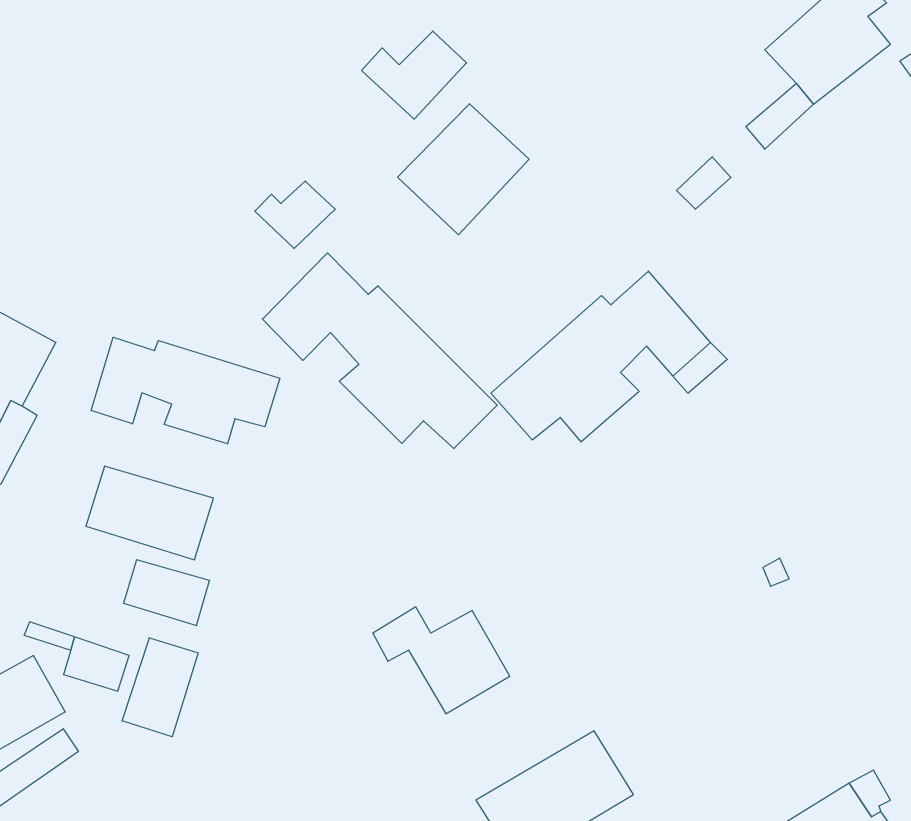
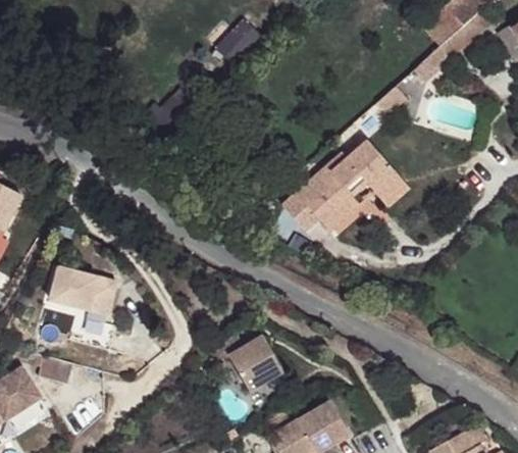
building: [398,104,529,235] -> none
building: [262,253,497,449] -> none
building: [91,337,280,444] -> none
building: [122,638,198,737] -> none

